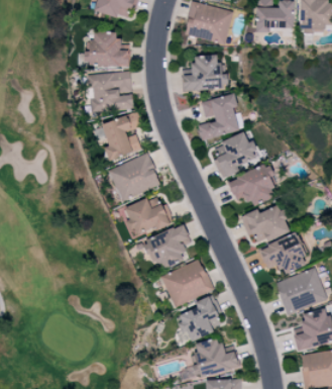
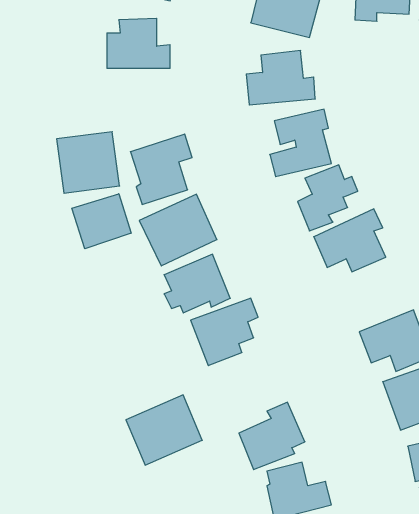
building: [91,71,134,113] -> [57,132,120,193]
building: none -> [72,194,131,249]
building: [240,205,290,245] -> none
building: [160,259,213,307] -> [126,395,202,465]

